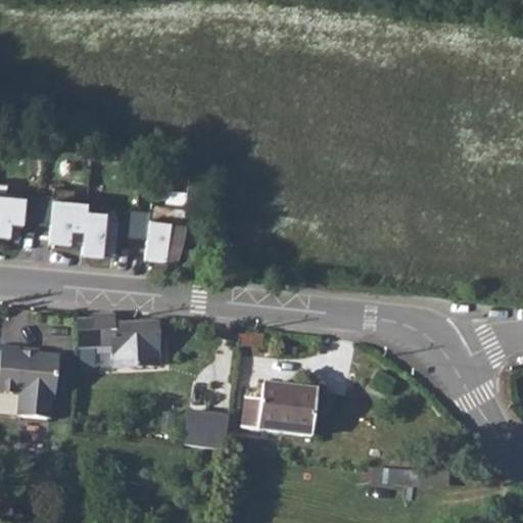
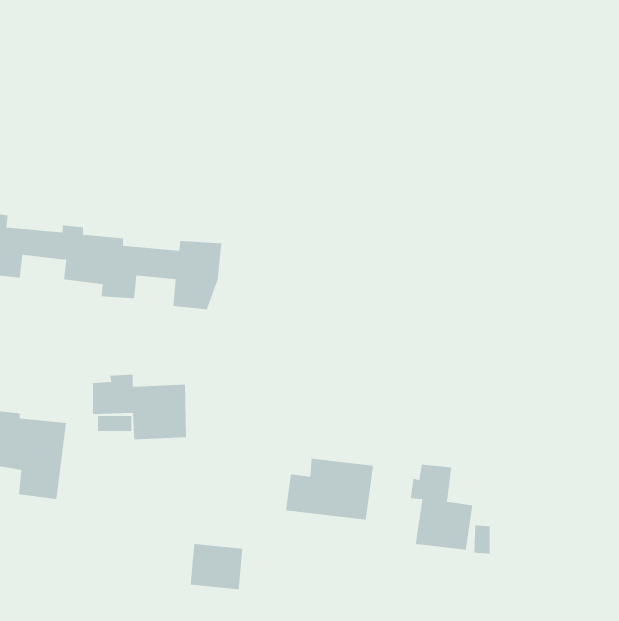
building: none -> [410,464,473,551]
building: [184,410,229,448] -> [190,544,243,590]

